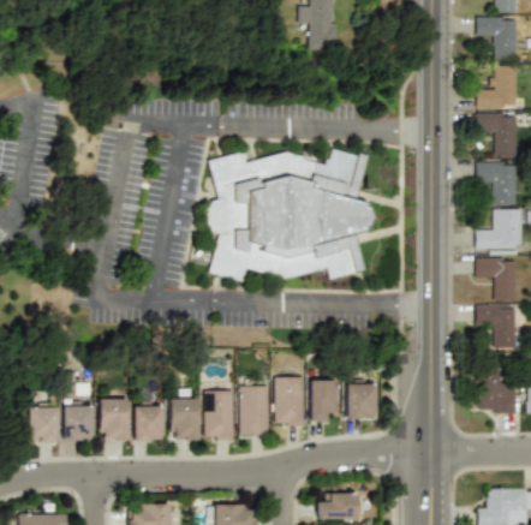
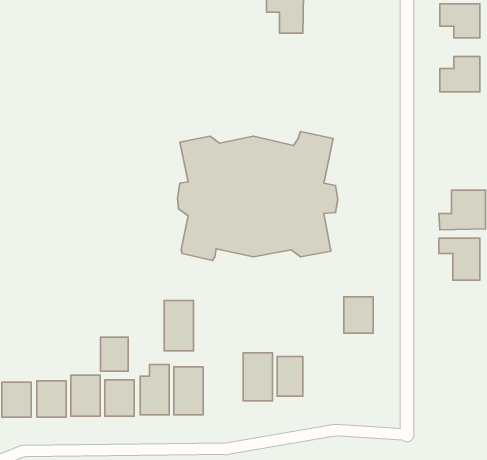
building: [476,113,519,155] -> none
building: [477,161,519,205] -> none
building: [476,304,517,348] -> none
building: none -> [101,337,128,371]
building: [476,369,515,413] -> none
building: [346,382,376,419] -> [344,297,373,333]
building: [239,386,269,437] -> [164,300,194,351]

